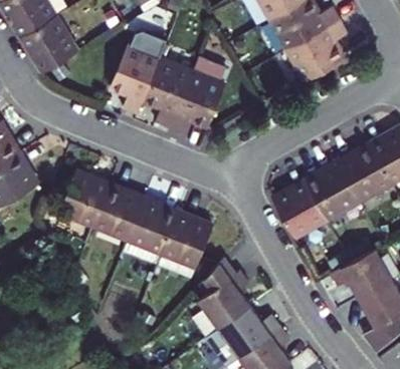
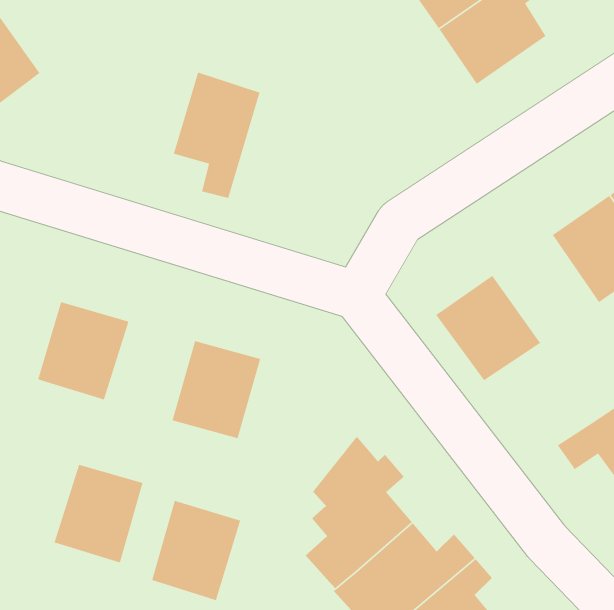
building: [110,33,167,115] -> none
building: [170,59,225,134] -> none
building: [305,163,359,220] -> none
building: [94,188,145,242] -> [54,464,144,563]
building: [163,214,213,269] -> [151,500,241,601]

